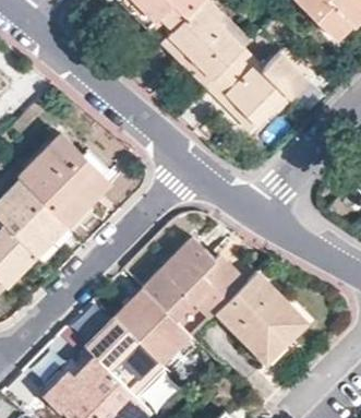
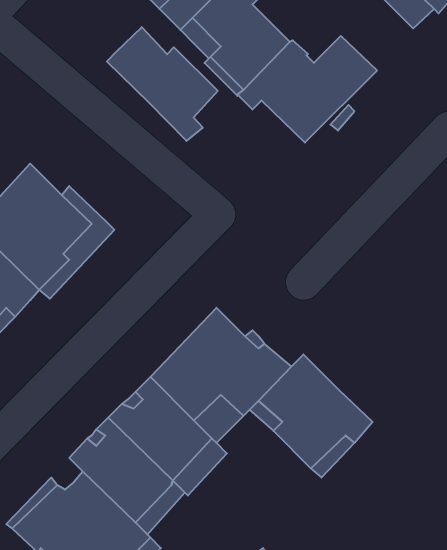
building: none -> [107,27,218,141]

